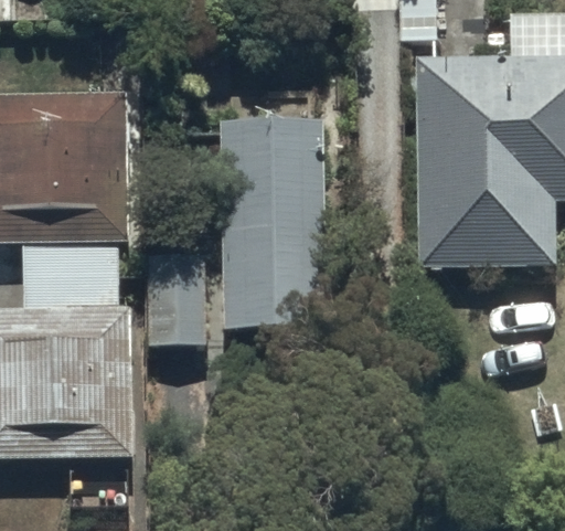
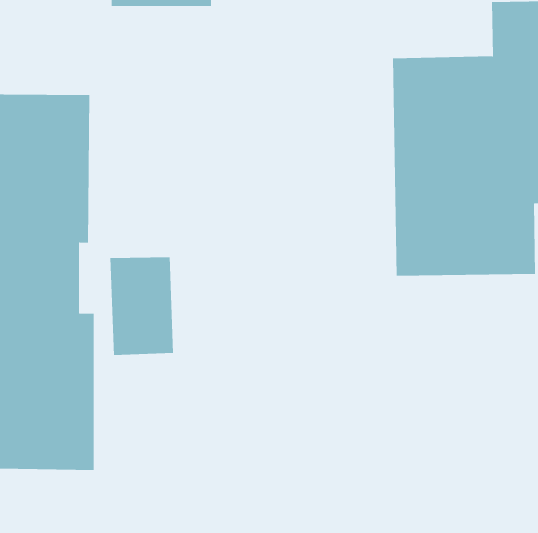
building: [217,116,322,326] -> none

